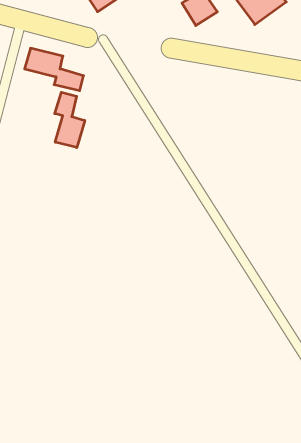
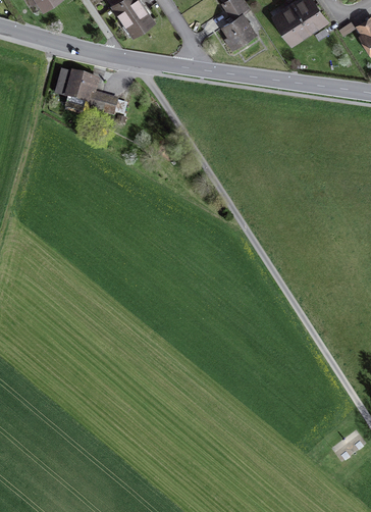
building: [55,92,85,148] -> none

